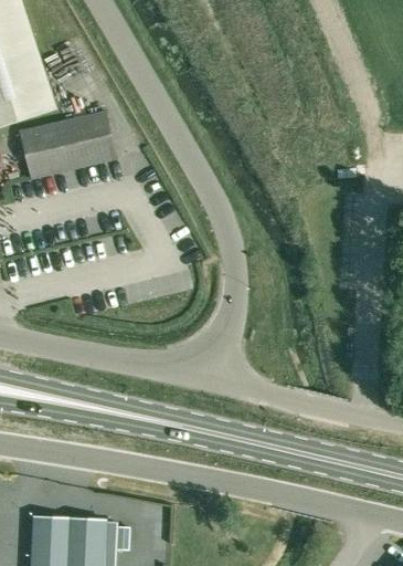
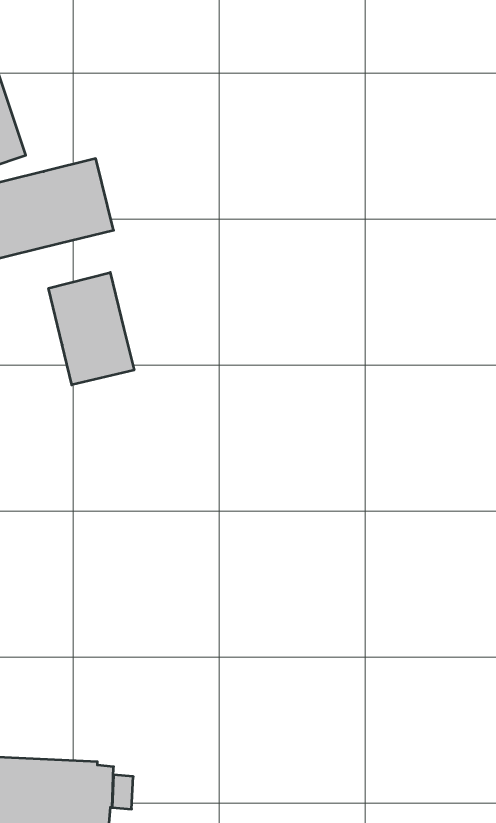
building: none -> [49,272,134,385]

